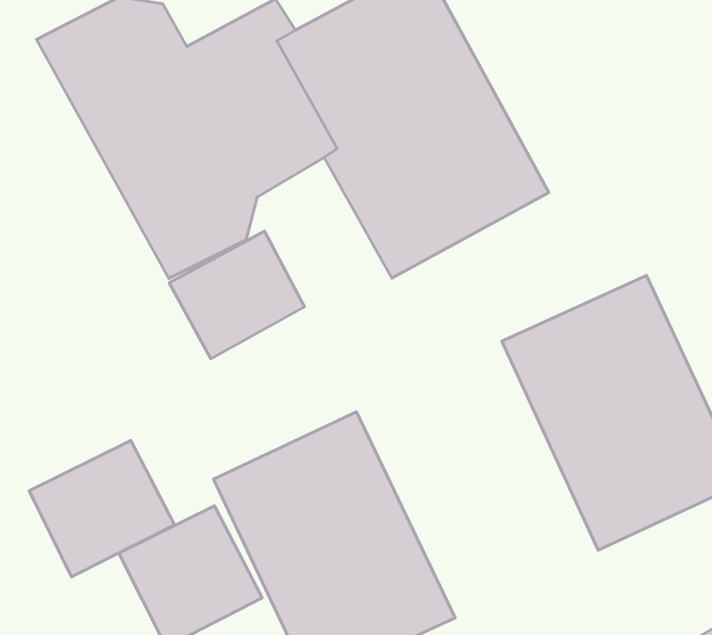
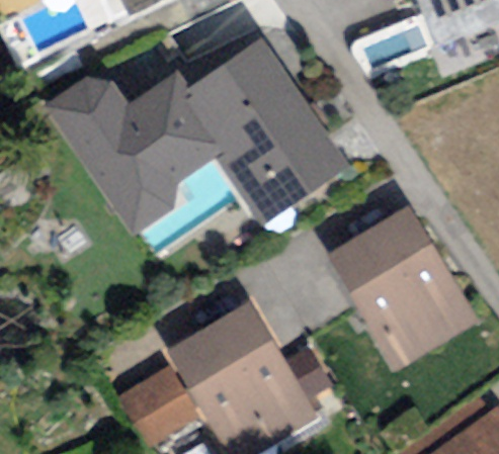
building: [169,231,305,359] -> none
building: [29,440,175,577] -> none

